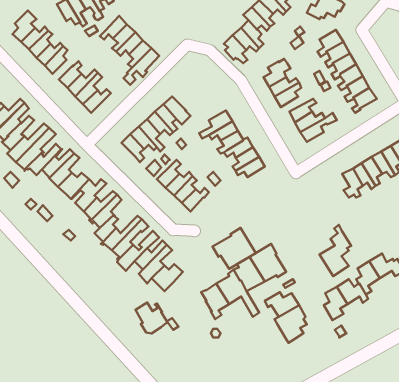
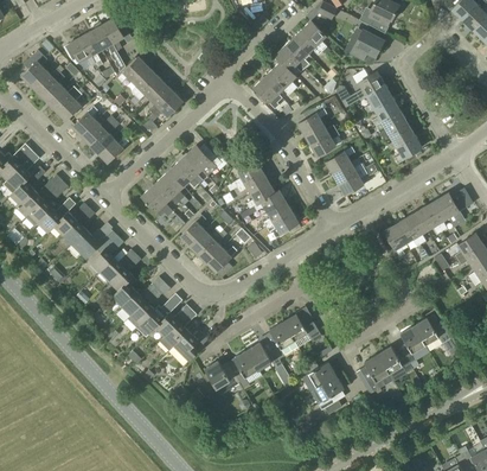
building: [320,225,351,276] -> none
building: [212,228,256,269] -> none
building: [135,302,168,334] -> [205,359,241,394]

